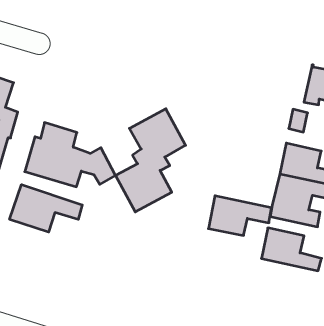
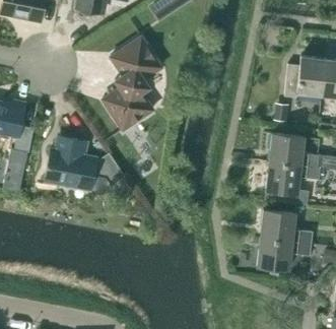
building: [116,109,186,212] -> [104,36,162,129]
building: [10,185,82,232] -> none
building: [208,196,272,235] -> [258,237,312,269]

